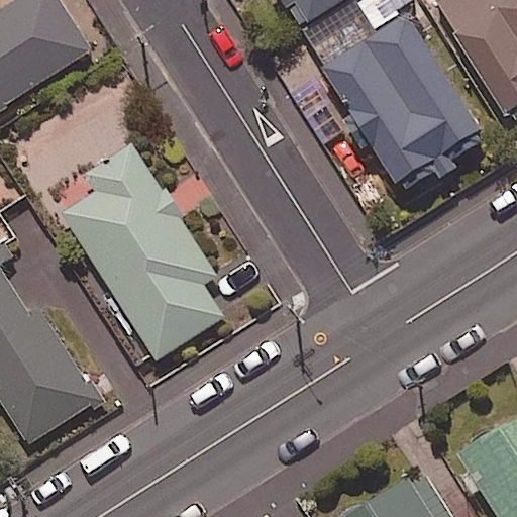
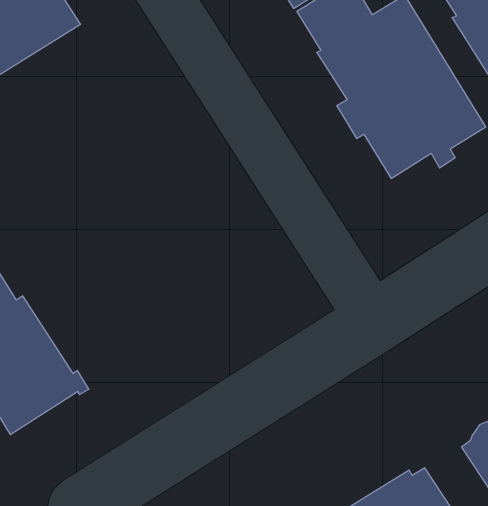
building: [62,142,226,360] -> none

